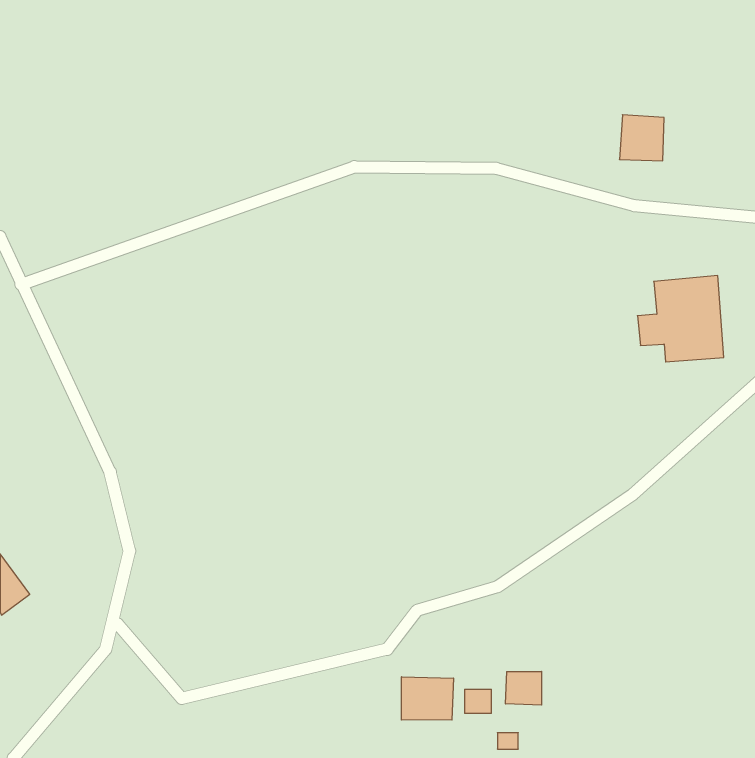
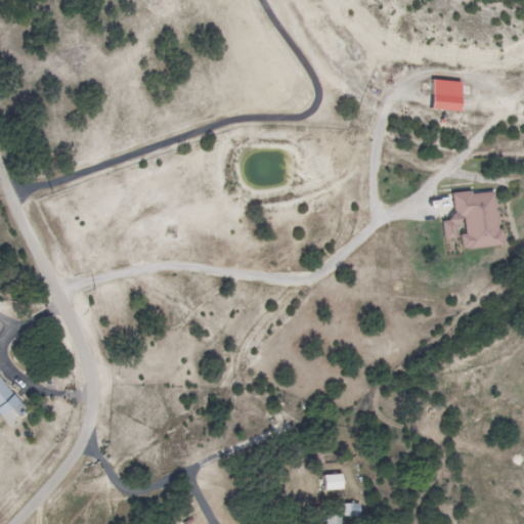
building: [506,671,542,705] -> none
building: [402,677,453,720] -> none

